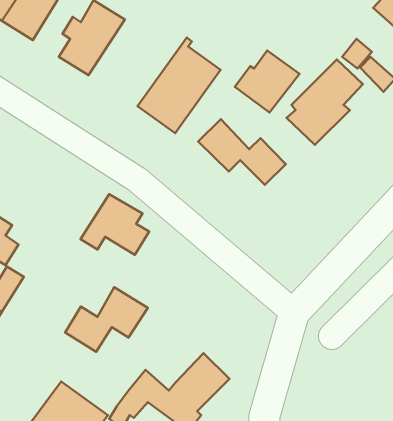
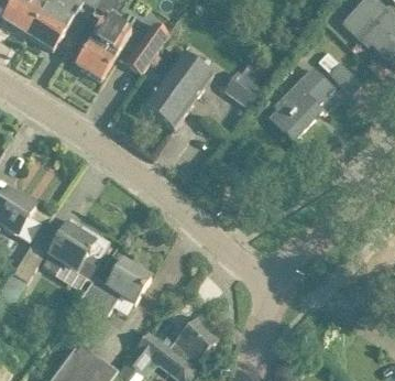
building: none -> [124,22,169,73]
building: [198,119,286,185] -> none
building: [81,194,149,255] -> [42,226,100,277]

